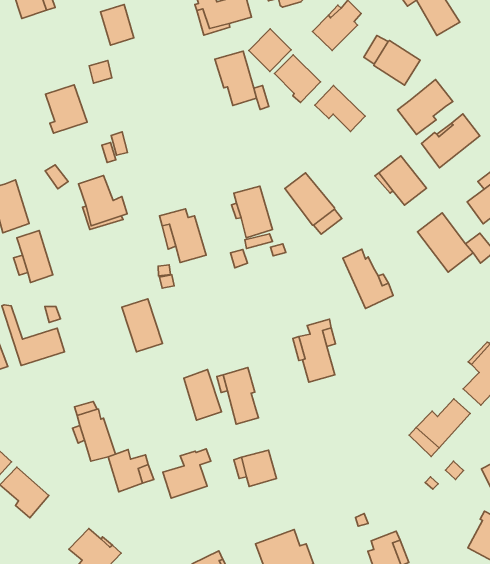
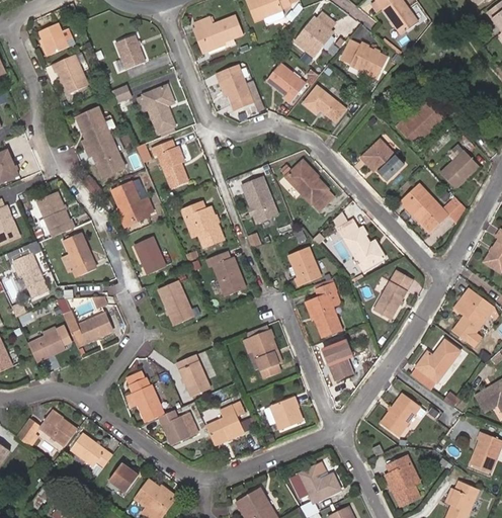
building: none -> [54,54,88,94]
building: [249,29,291,72] -> none
building: none -> [142,84,175,134]
building: [398,80,453,134] -> none
building: none -> [85,137,126,178]
building: none -> [151,139,188,188]
building: none -> [133,236,166,275]
building: none -> [205,250,246,296]
building: none -> [287,246,321,286]
building: none -> [373,269,413,319]
building: [184,370,221,420] -> [176,353,211,397]
building: none -> [322,341,354,380]
building: none -> [380,393,420,436]
building: none -> [108,462,139,493]

